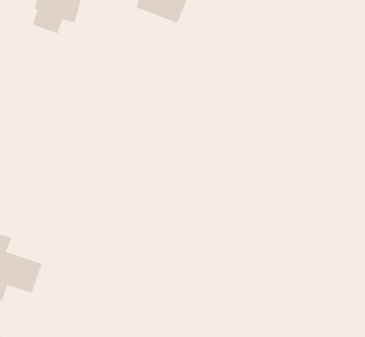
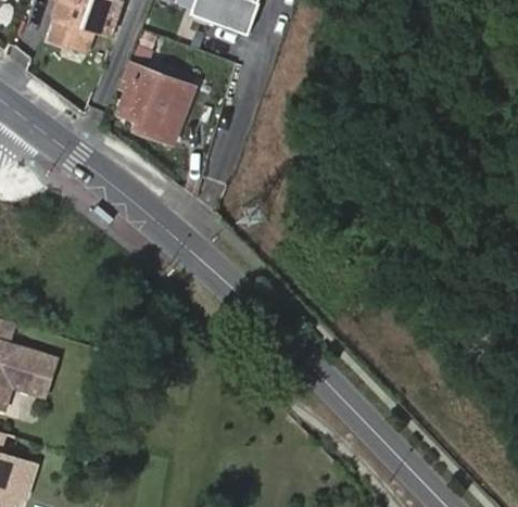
building: none -> [113,61,190,142]

